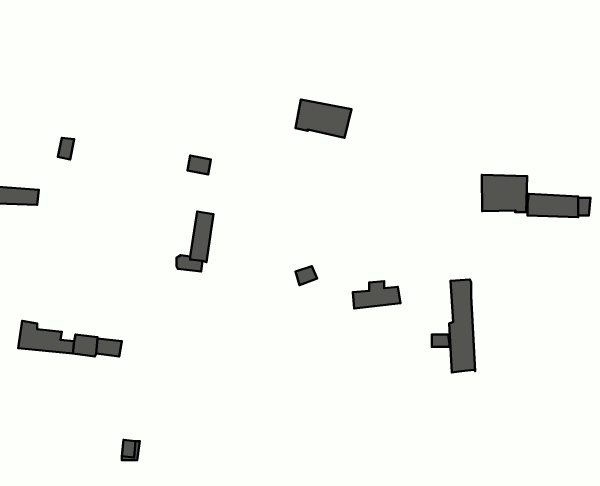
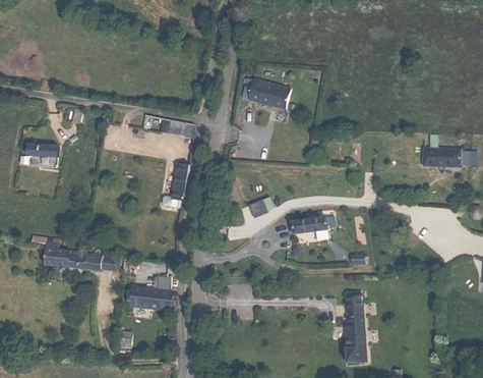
building: [482,175,527,212] -> none
building: [449,280,475,373] -> [345,291,364,361]
building: none -> [131,285,170,308]

